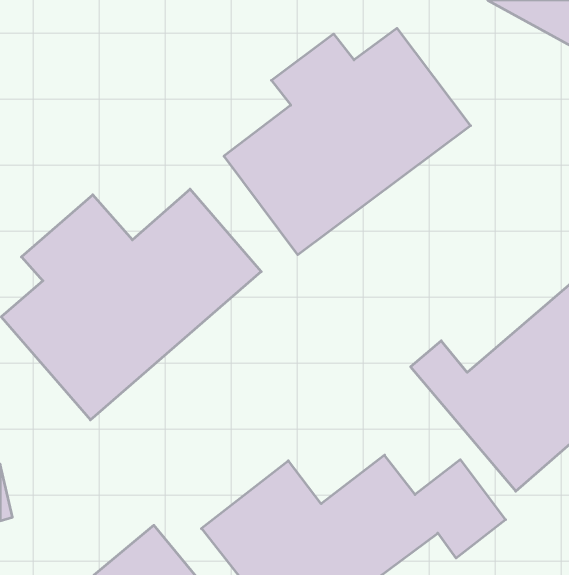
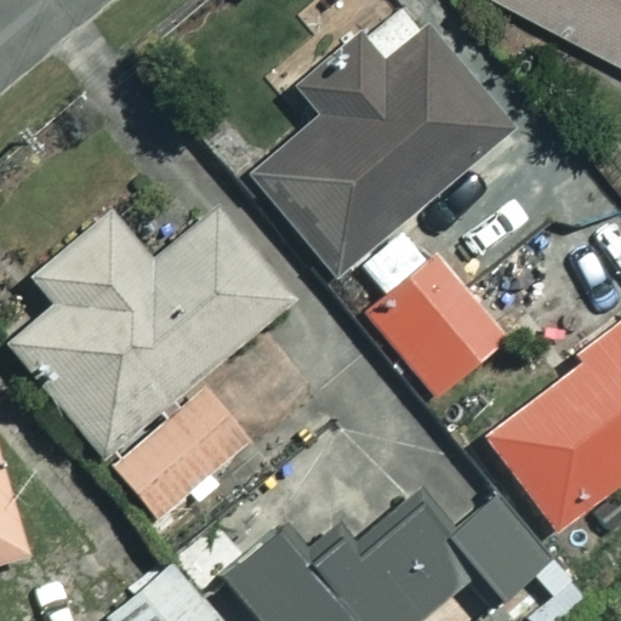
building: none -> [365,238,509,394]
building: none -> [113,393,247,522]

